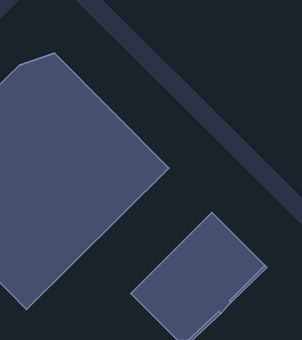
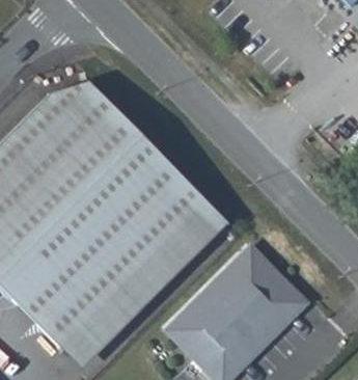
building: none -> [58,199,227,368]

